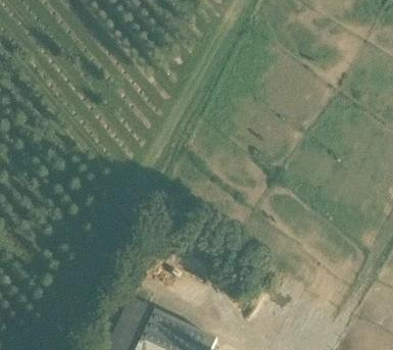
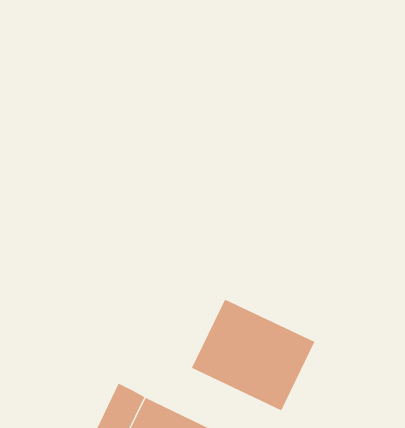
building: none -> [191,299,315,411]

